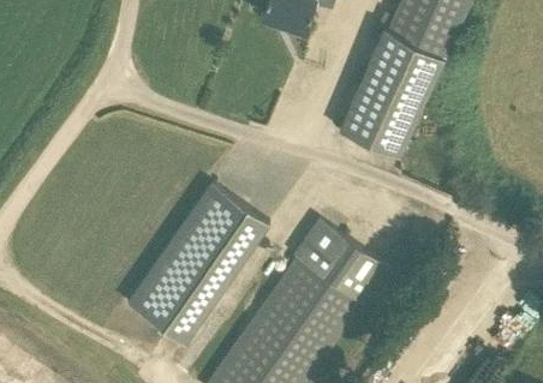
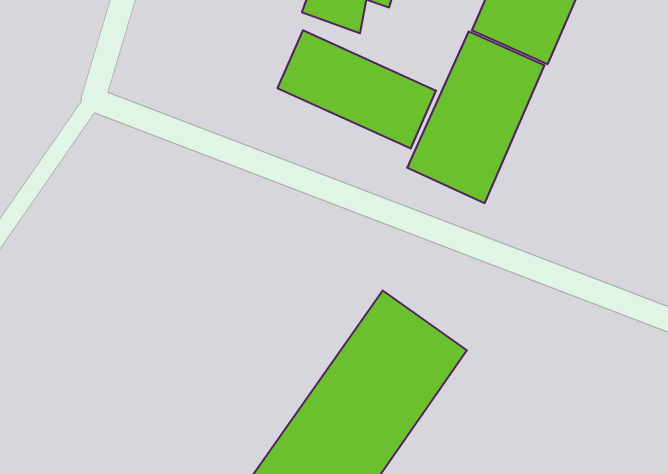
building: none -> [278,30,436,149]
building: [127,185,267,345] -> none

